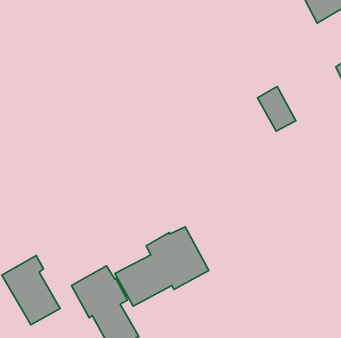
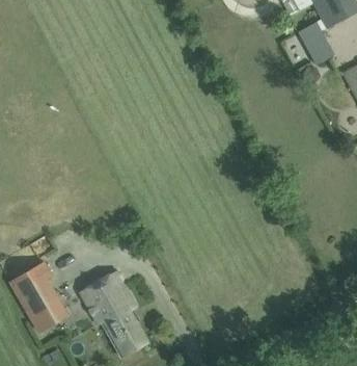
building: [257,86,296,131] -> [297,21,335,66]
building: [115,227,209,306] -> none

